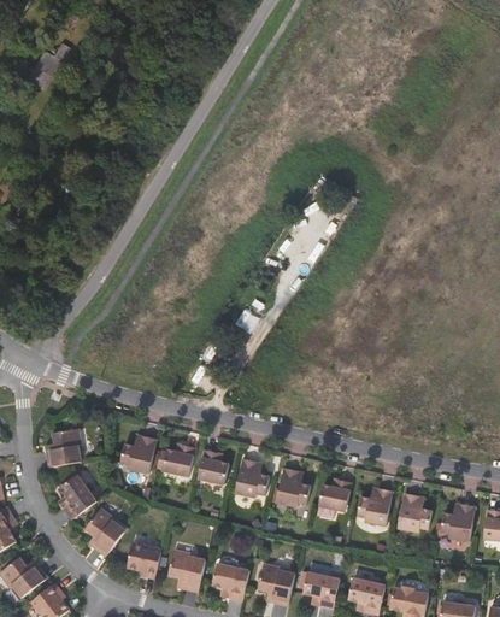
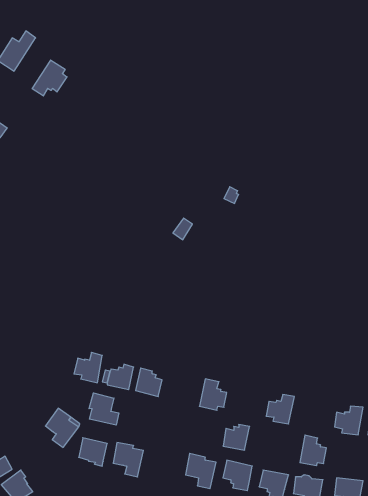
building: none -> [32,60,67,96]
building: [46,427,82,465] -> none
building: [234,460,266,498] -> none
building: [61,471,99,516] -> none
building: [317,484,349,516] -> [223,425,250,450]
building: none -> [89,393,119,425]
building: [398,493,430,530] -> [300,435,326,466]
building: [212,560,249,598] -> none

